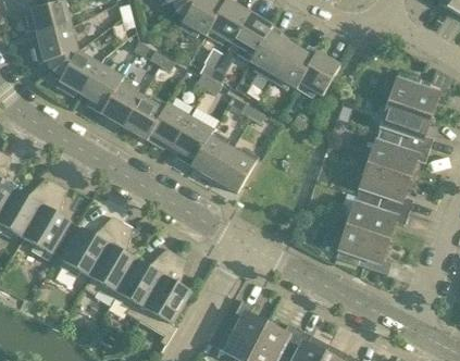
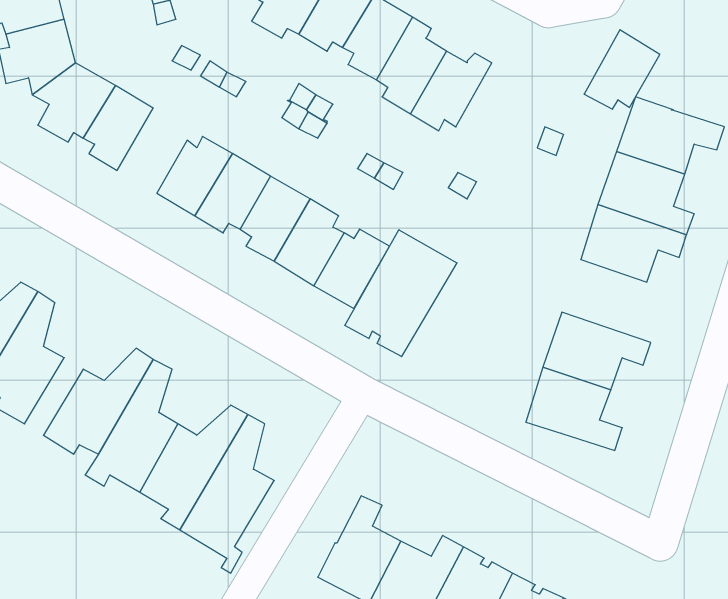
building: [296,51,339,97] -> [584,30,660,109]
building: [101,77,141,126] -> none
building: none -> [345,230,457,357]
building: [357,164,412,212] -> none

